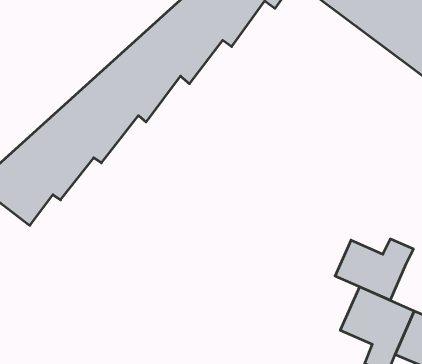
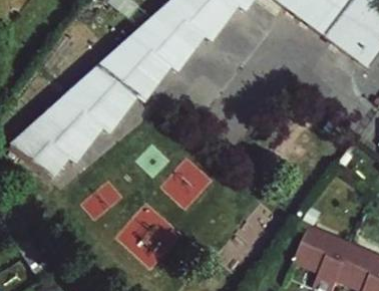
building: [335,239,413,300] -> none

